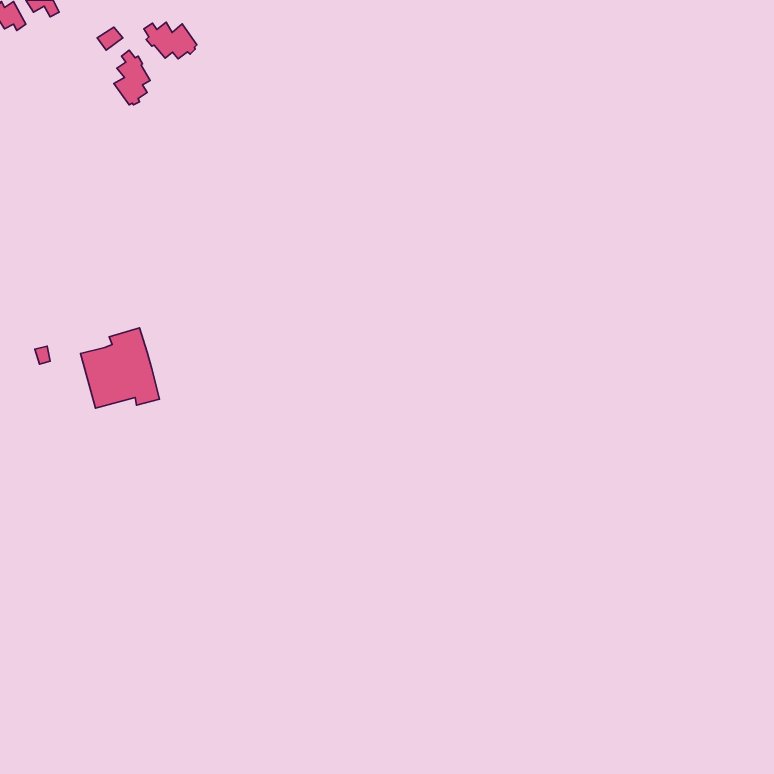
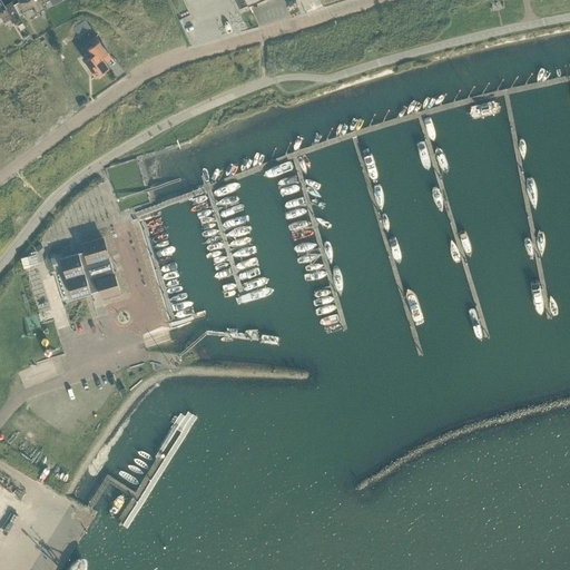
building: [144,22,197,59] -> none

